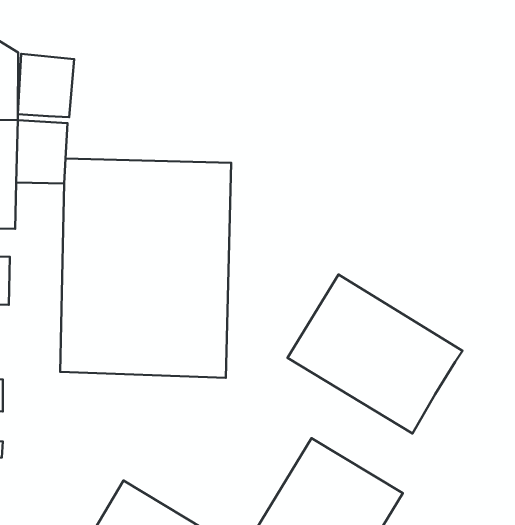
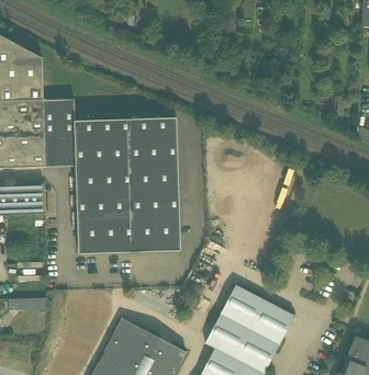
building: [18,54,74,117] -> none
building: none -> [45,136,76,166]
building: [287,274,462,434] -> none

